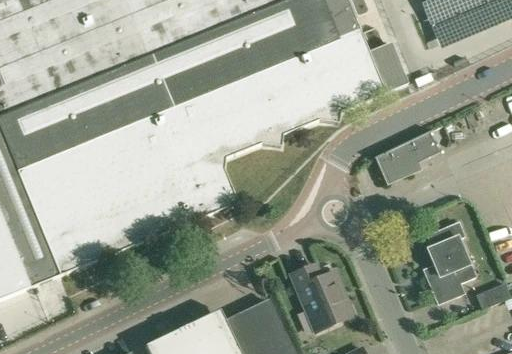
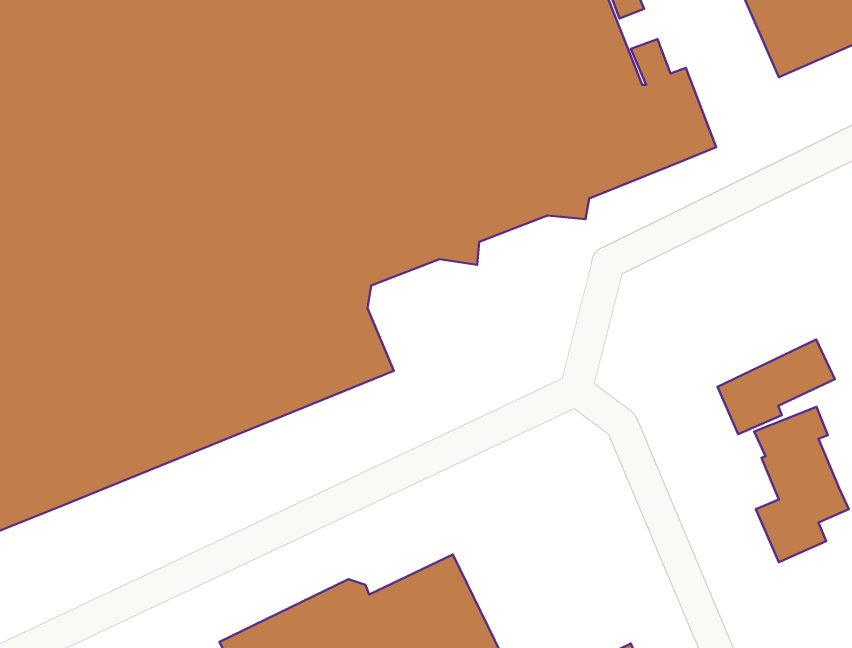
building: [376,131,438,181] -> [717,339,835,434]
building: [289,265,353,332] -> none

